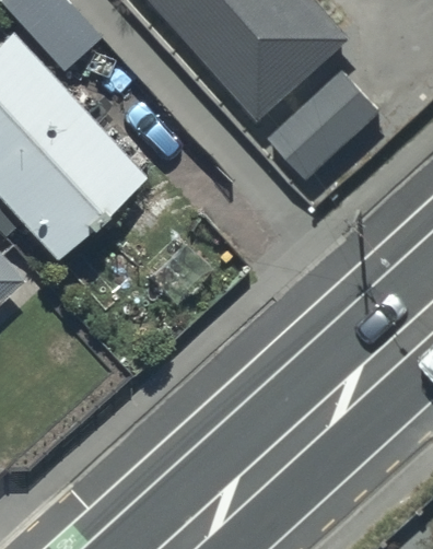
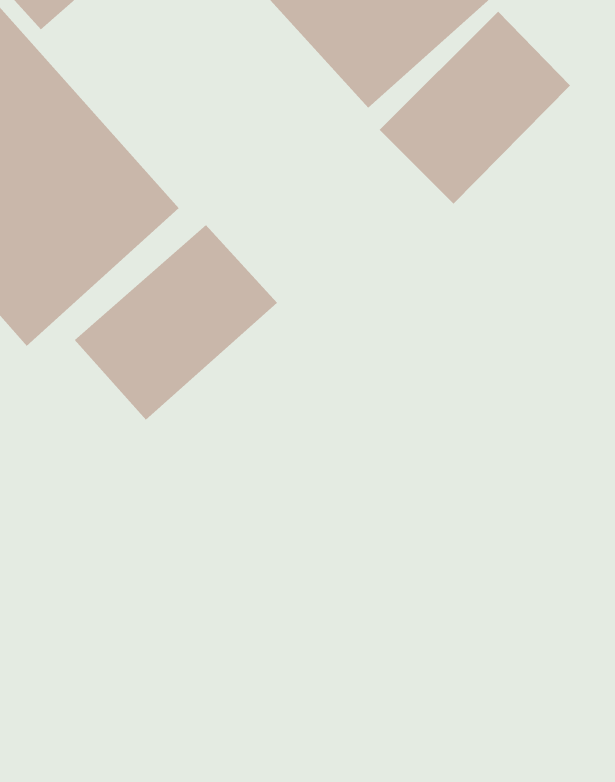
building: none -> [74,224,278,420]

